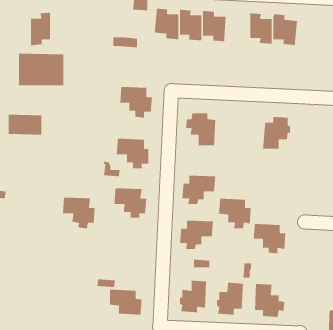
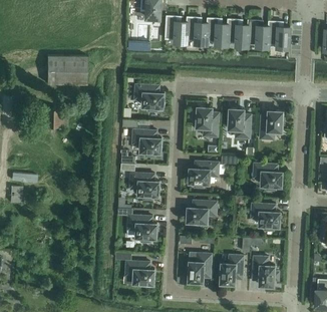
building: none -> [227,19,248,47]
building: [30,12,51,46] -> none
building: none -> [228,108,251,138]
building: [62,197,96,229] -> [127,215,156,243]
building: [218,198,252,229] -> [253,164,282,191]

